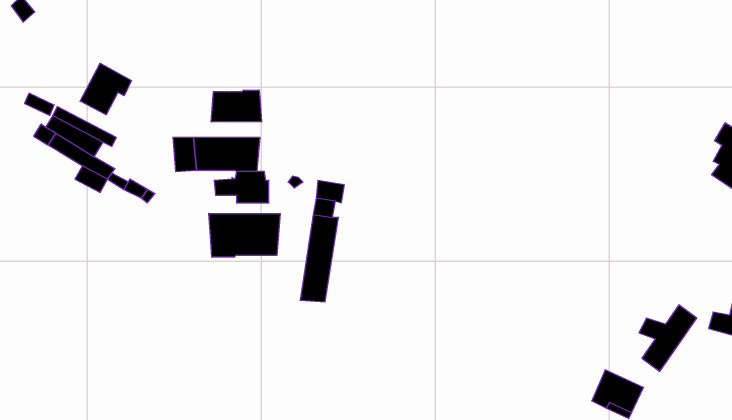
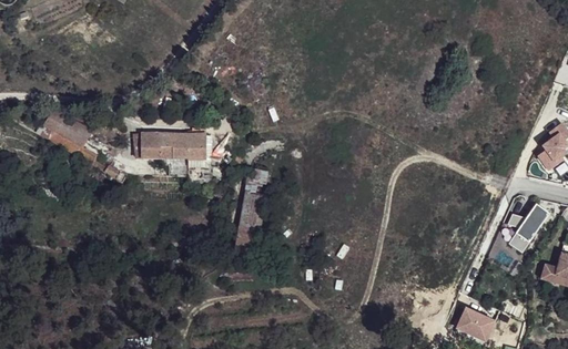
building: [80,63,131,115] -> none
building: [211,90,262,122] -> none
building: [209,213,280,257] -> none
building: [639,305,697,371] -> [505,203,548,253]

